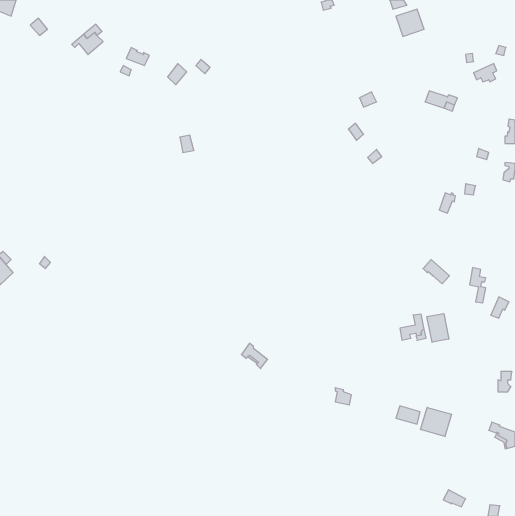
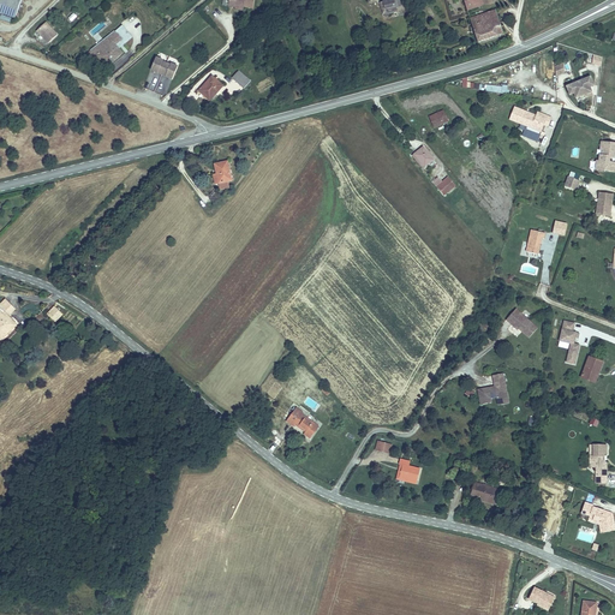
building: [427,314,449,342] -> none
building: [421,407,452,437] -> none

